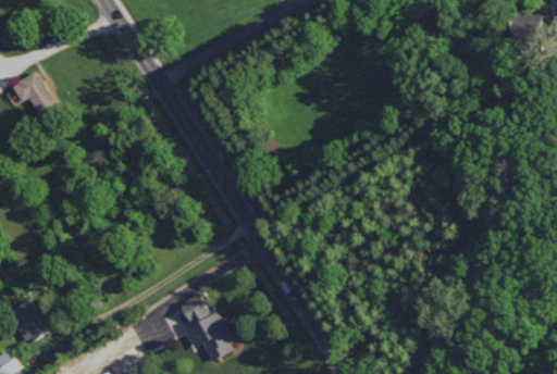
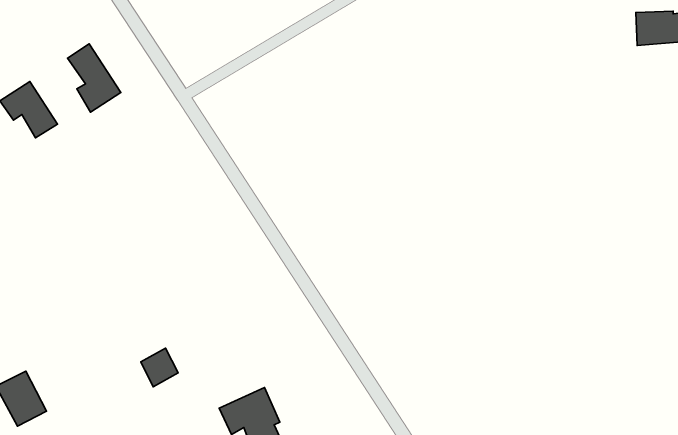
building: none -> [68,44,121,112]
building: [180,292,209,323] -> [141,348,178,387]

